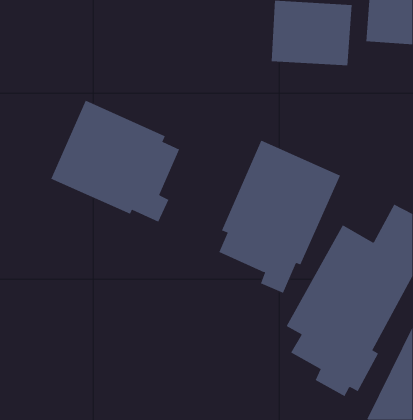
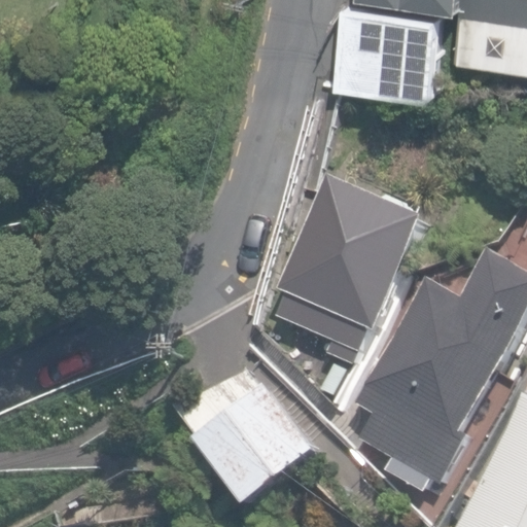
building: [50,100,180,222] -> none
building: none -> [197,385,320,508]

